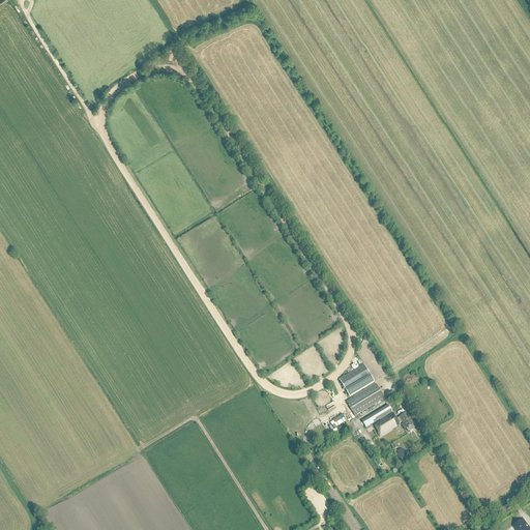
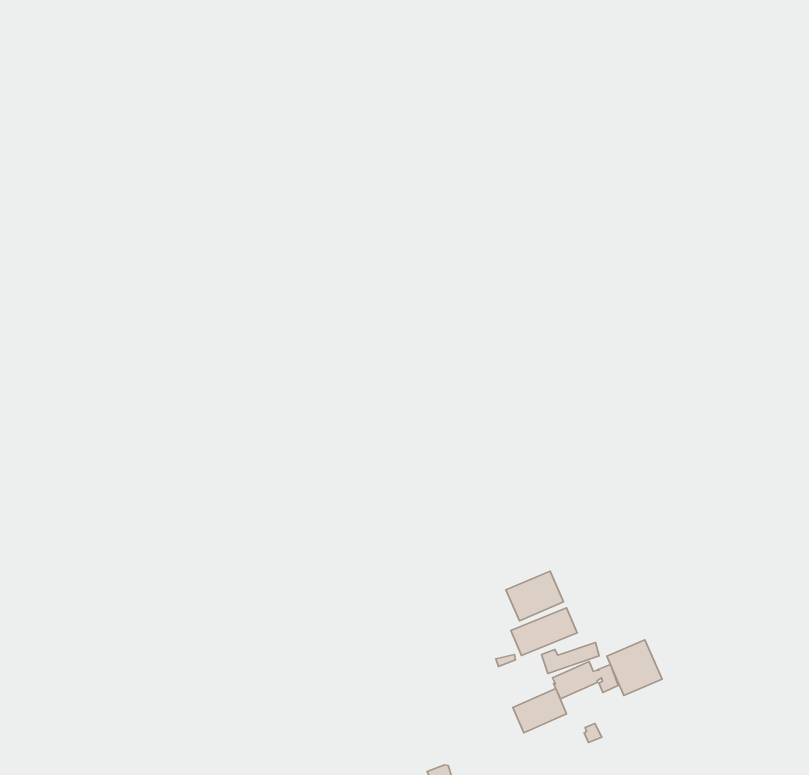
building: none -> [607,640,662,695]
building: none -> [513,688,567,733]

